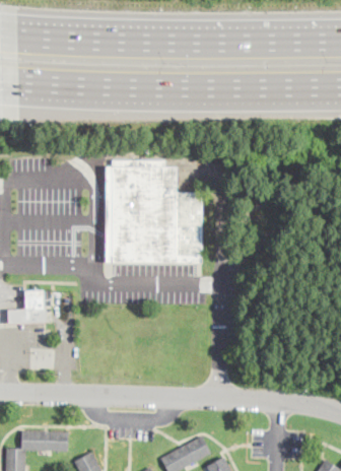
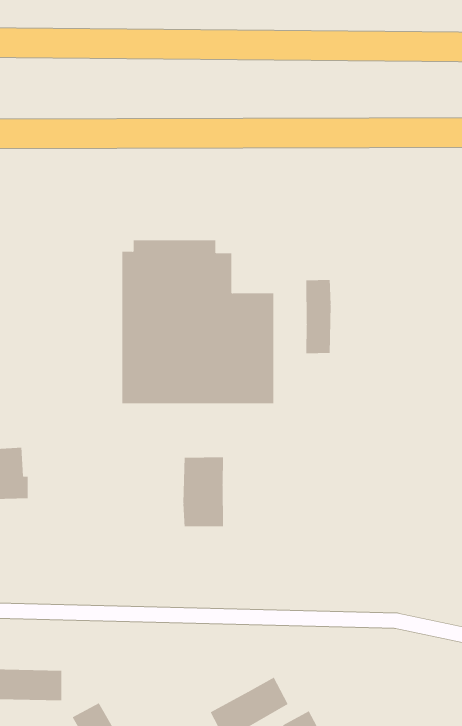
building: none -> [306,279,331,354]
building: none -> [183,457,223,527]

